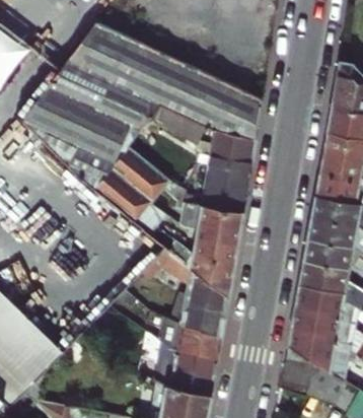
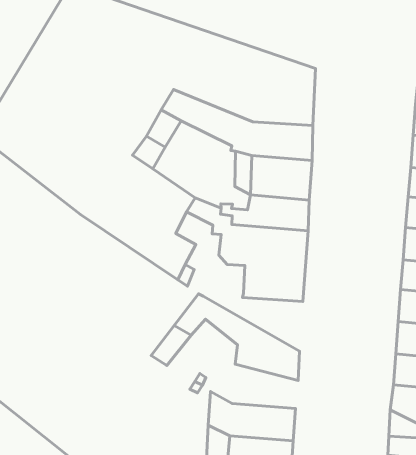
building: [165,237,234,295] -> none
building: [177,299,225,335] -> none

